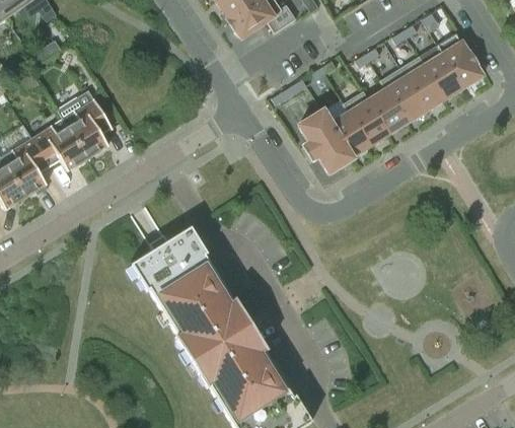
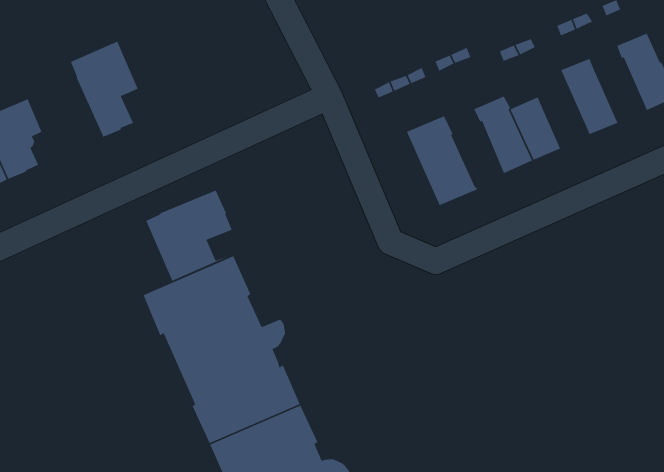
building: [424,53,463,98] -> none
building: [380,67,426,122] -> none
building: [330,111,370,156] -> none
building: [32,120,88,170] -> none
building: none -> [145,189,233,282]

